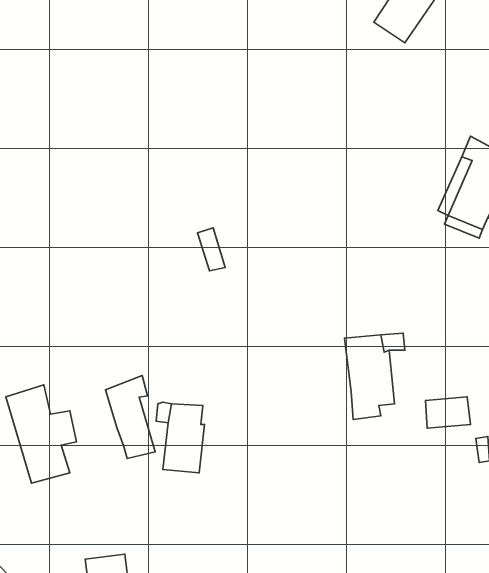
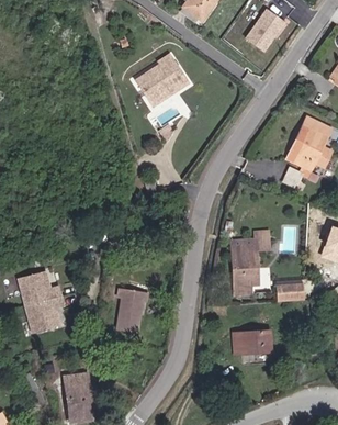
building: none -> [137,59,179,101]
building: [106,375,155,458] -> none
building: none -> [228,327,268,355]

